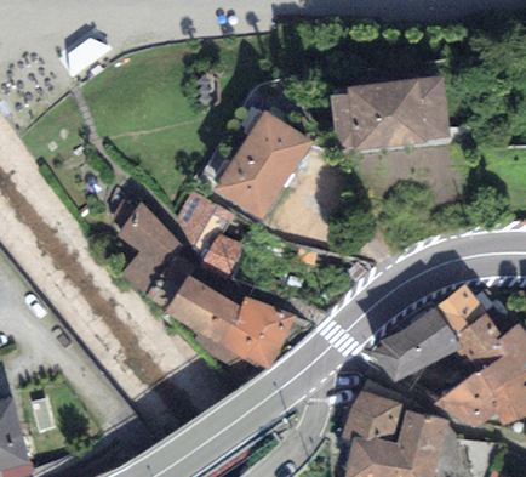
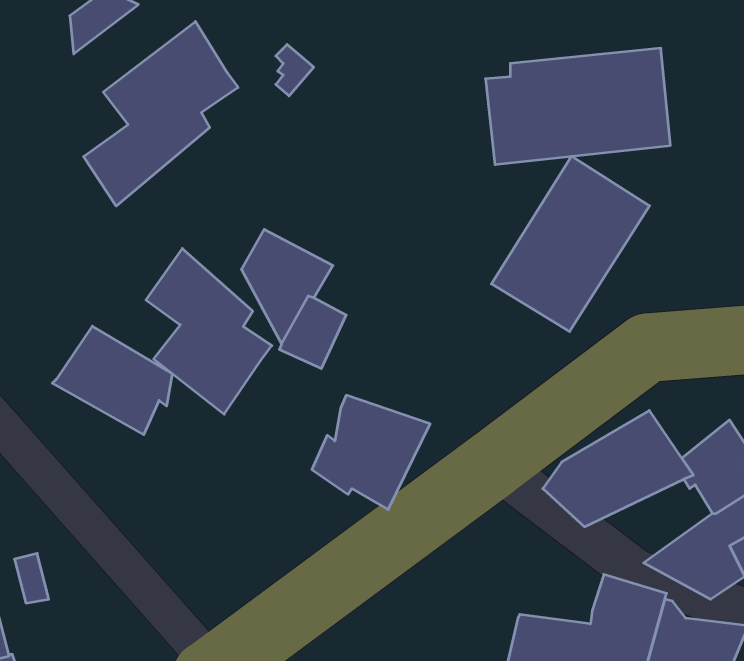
building: none -> [84,21,238,206]
building: [212,110,313,222] -> [491,156,650,332]
building: [162,276,239,345] -> [52,326,172,435]
building: [435,284,486,337] -> none
building: [339,391,402,443] -> none

